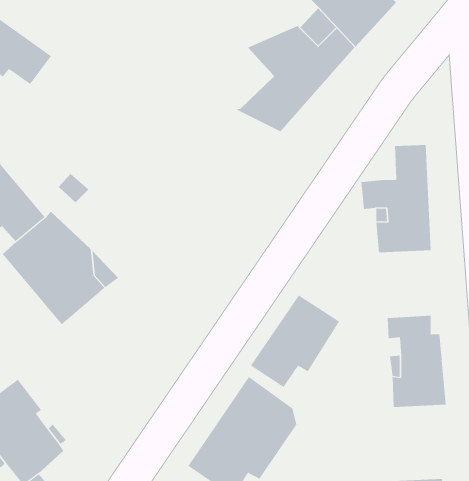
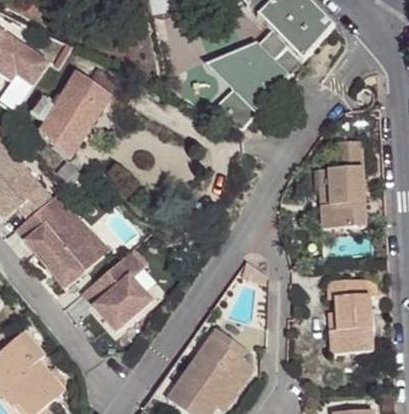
building: none -> [26,73,109,161]
building: none -> [80,250,149,331]
building: [250,295,340,388] -> none

